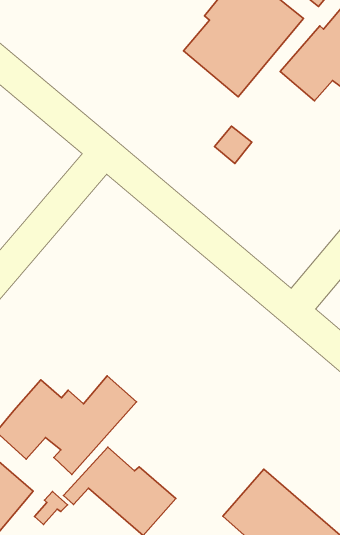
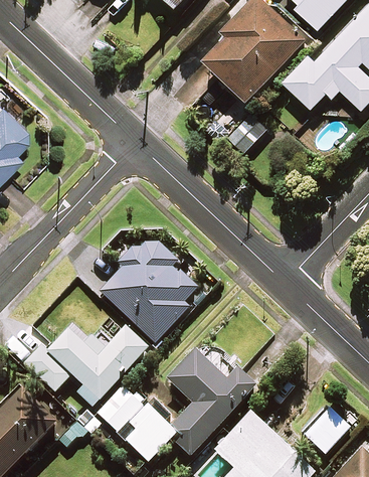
building: none -> [100,236,195,342]
building: none -> [167,349,255,456]

